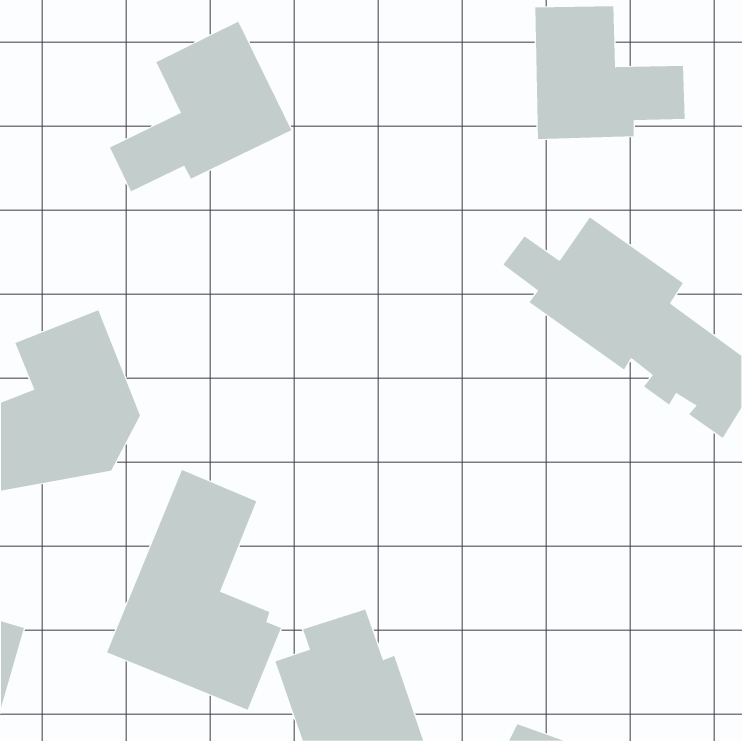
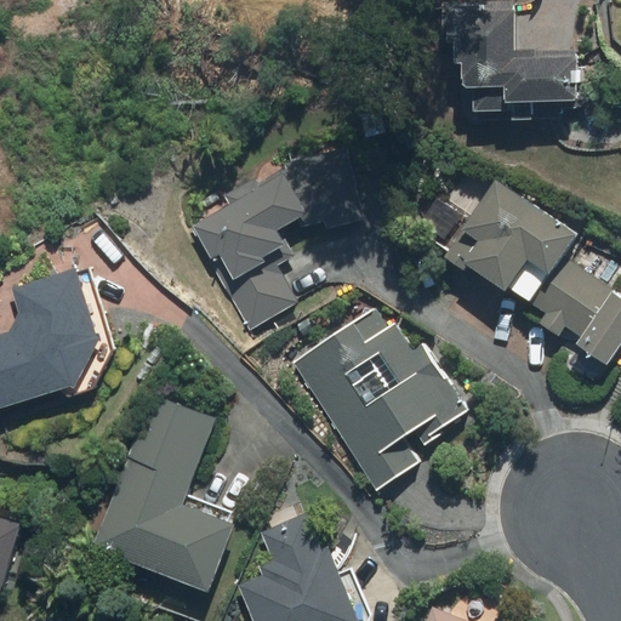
building: [109,21,292,192] -> none
building: none -> [192,150,359,330]
building: none -> [291,304,471,490]

